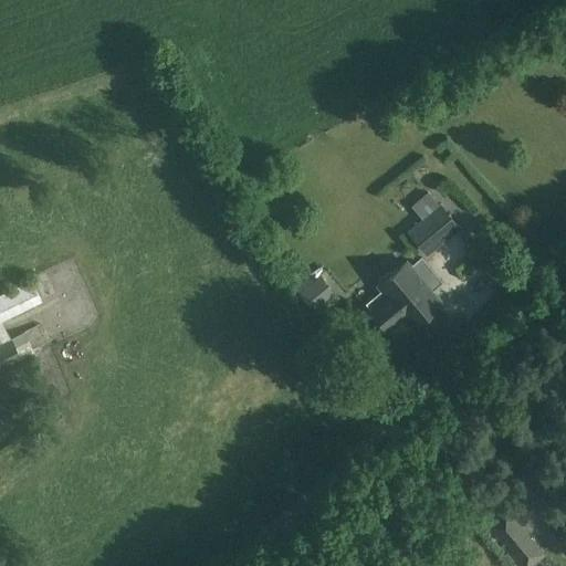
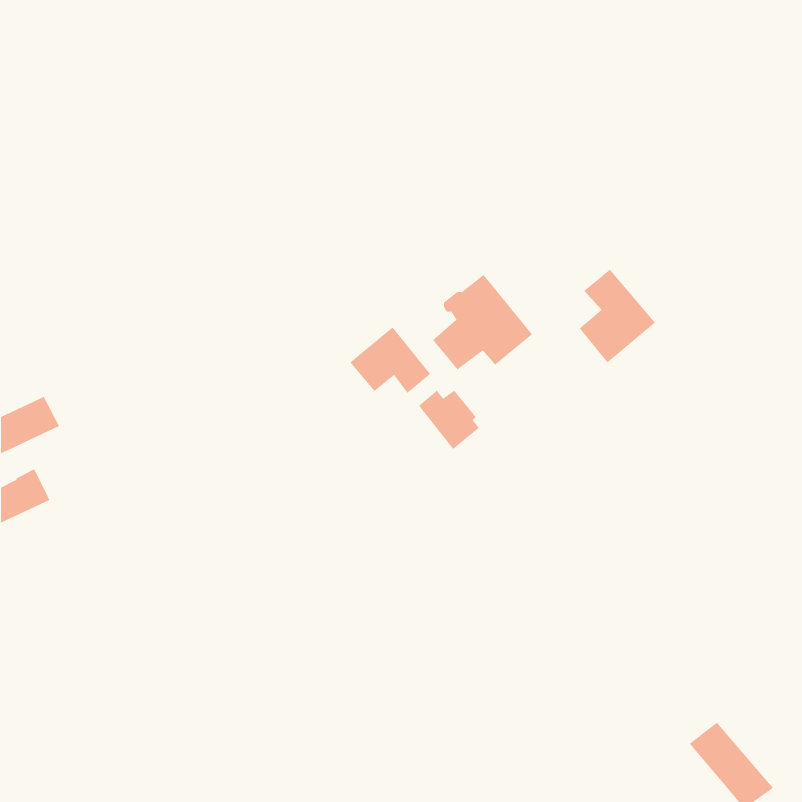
building: none -> [349,327,431,394]
building: [370,264,441,332] -> [432,274,533,370]

